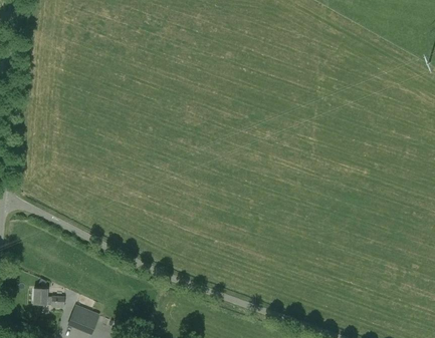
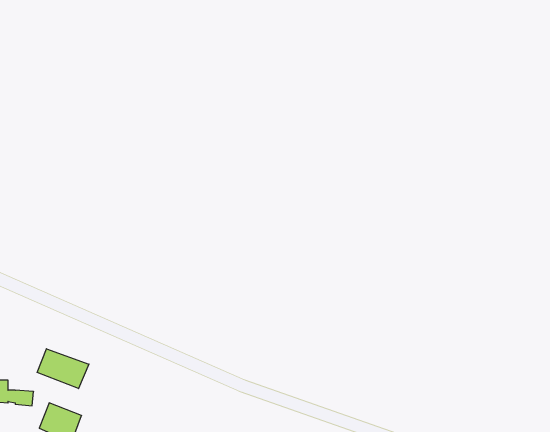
building: none -> [37,349,89,389]

